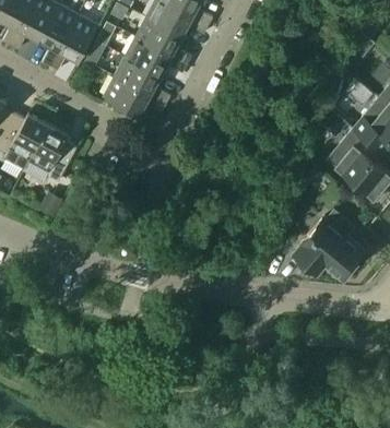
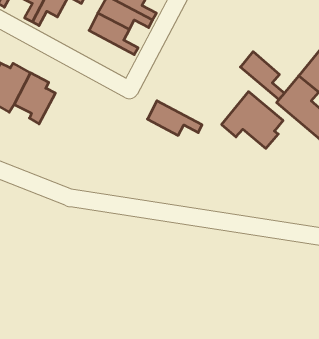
building: [103,76,165,116] -> [147,101,202,135]
building: none -> [240,52,284,99]
building: [292,217,362,282] -> [222,92,283,148]

